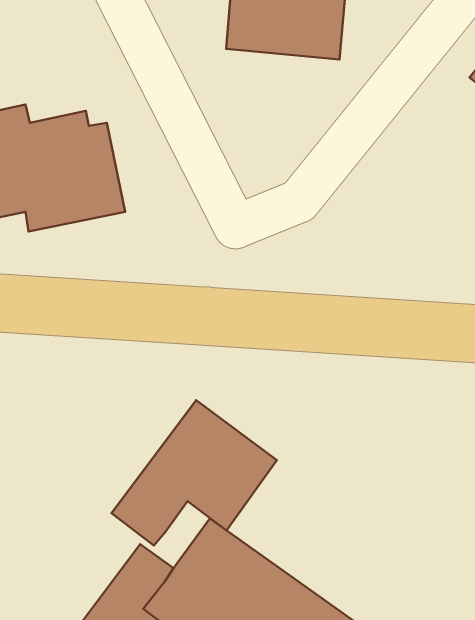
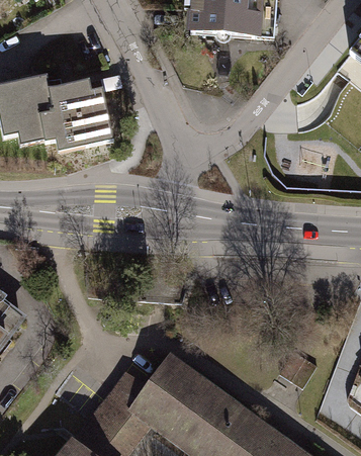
building: [112,400,277,545] -> none

